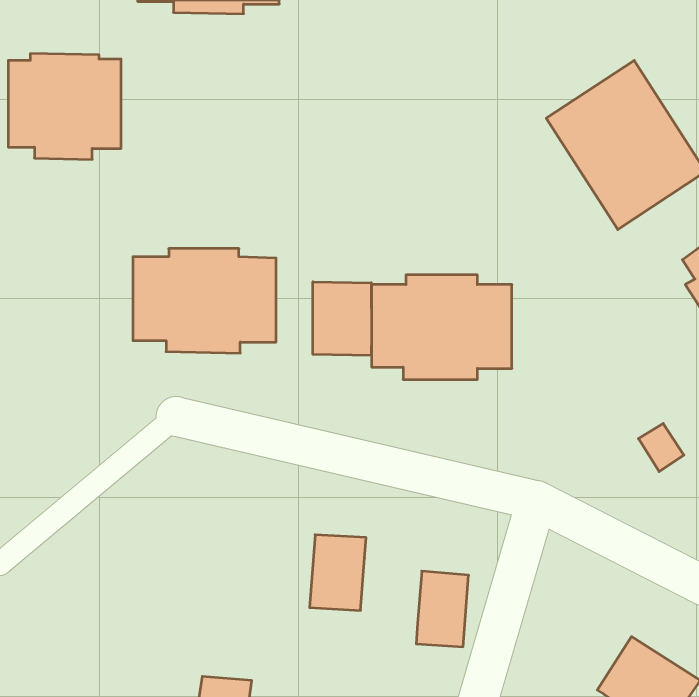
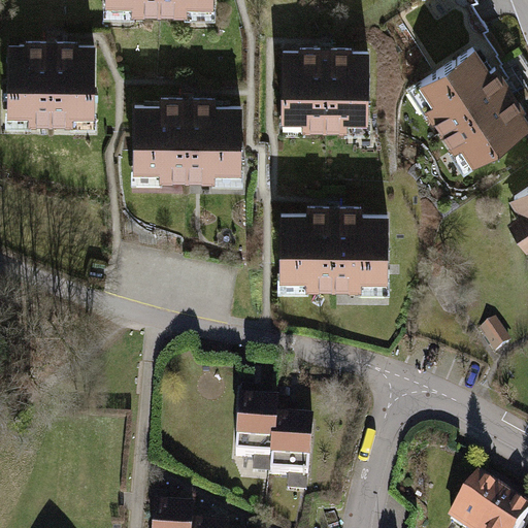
building: none -> [283,51,367,130]
building: [133,249,276,353] -> [134,102,241,180]
building: [313,282,372,355] -> none
building: [416,571,469,647] -> [272,423,311,480]

